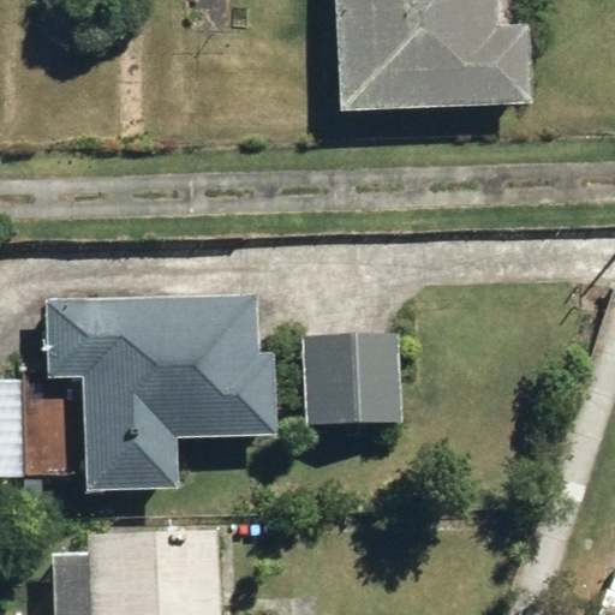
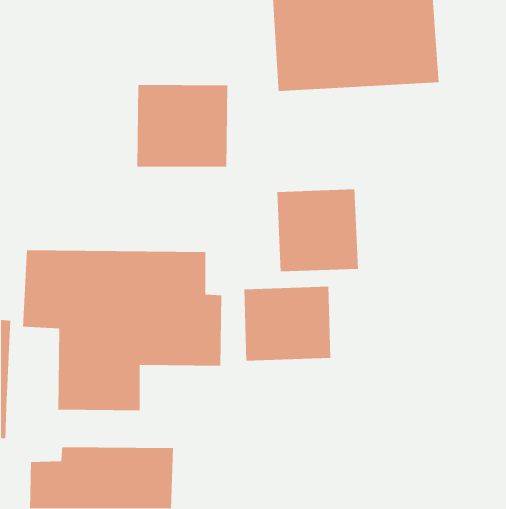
building: none -> [137,84,228,168]
building: none -> [276,189,359,272]

